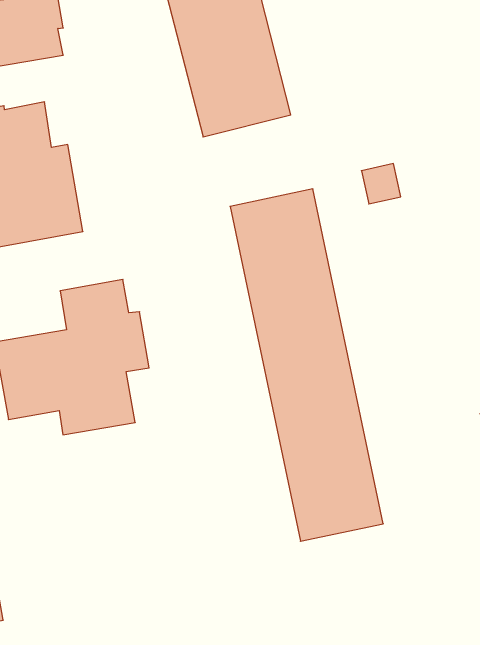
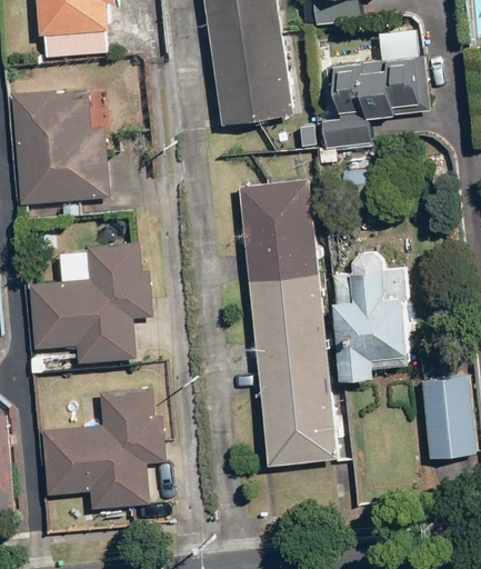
building: none -> [324,56,431,148]
building: none -> [335,252,411,379]
building: none -> [43,388,167,509]

